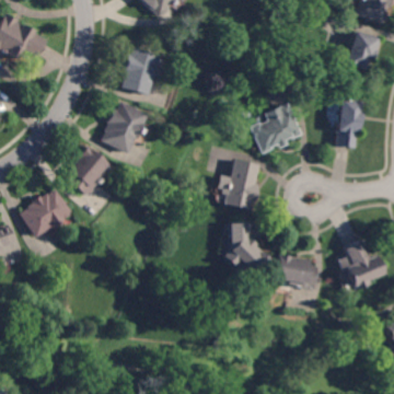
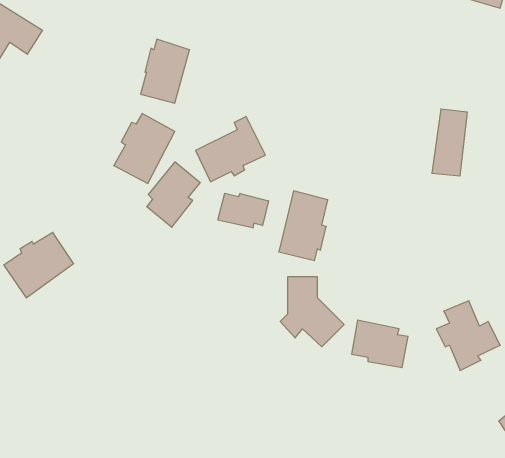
building: [348,32,381,69] -> none
building: [252,104,303,152] -> [196,116,265,182]
building: [69,147,108,195] -> [147,162,200,227]
building: none -> [218,193,268,228]

